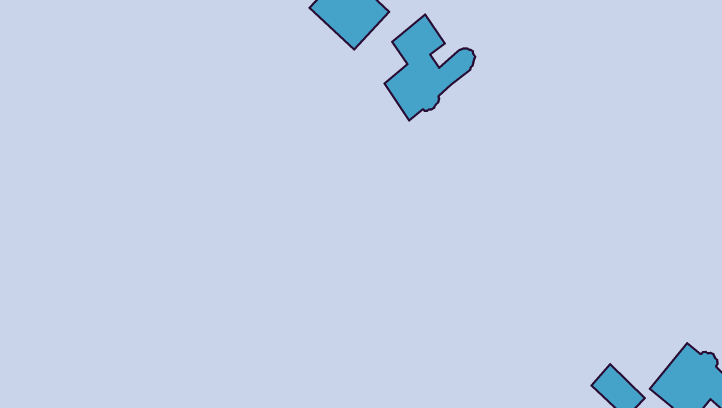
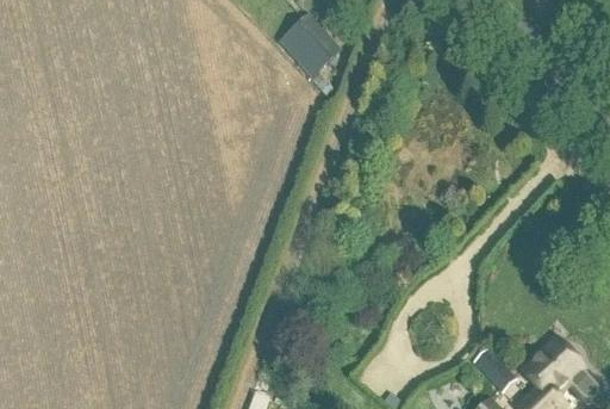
building: [384,14,475,120] -> none

